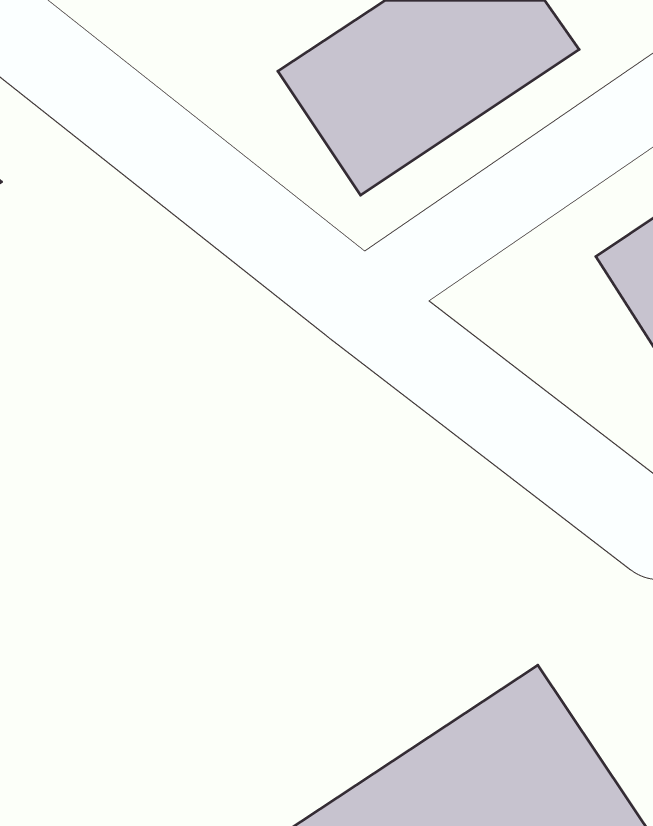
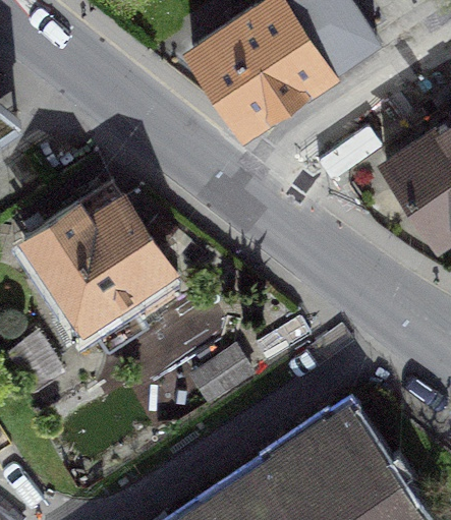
building: none -> [18,182,172,343]

